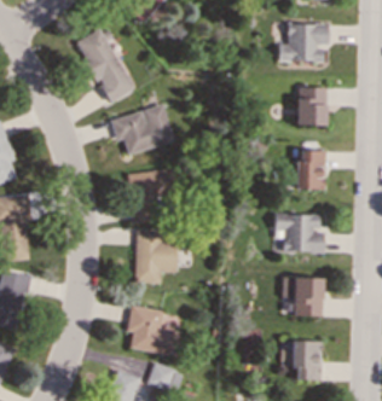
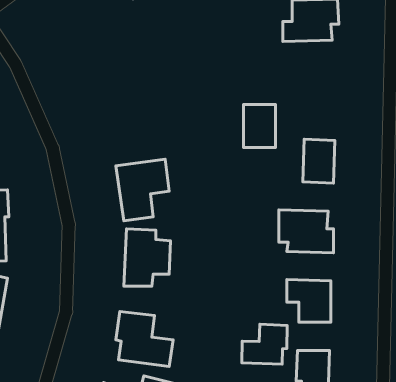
building: [75,29,133,101] -> none
building: [297,87,326,126] -> [244,105,276,147]
building: [110,104,173,155] -> none
building: none -> [242,324,287,364]

